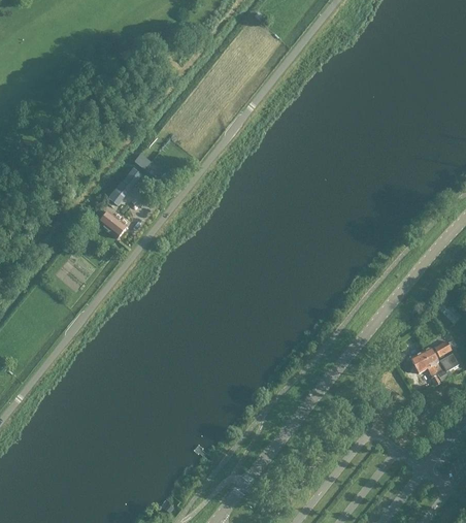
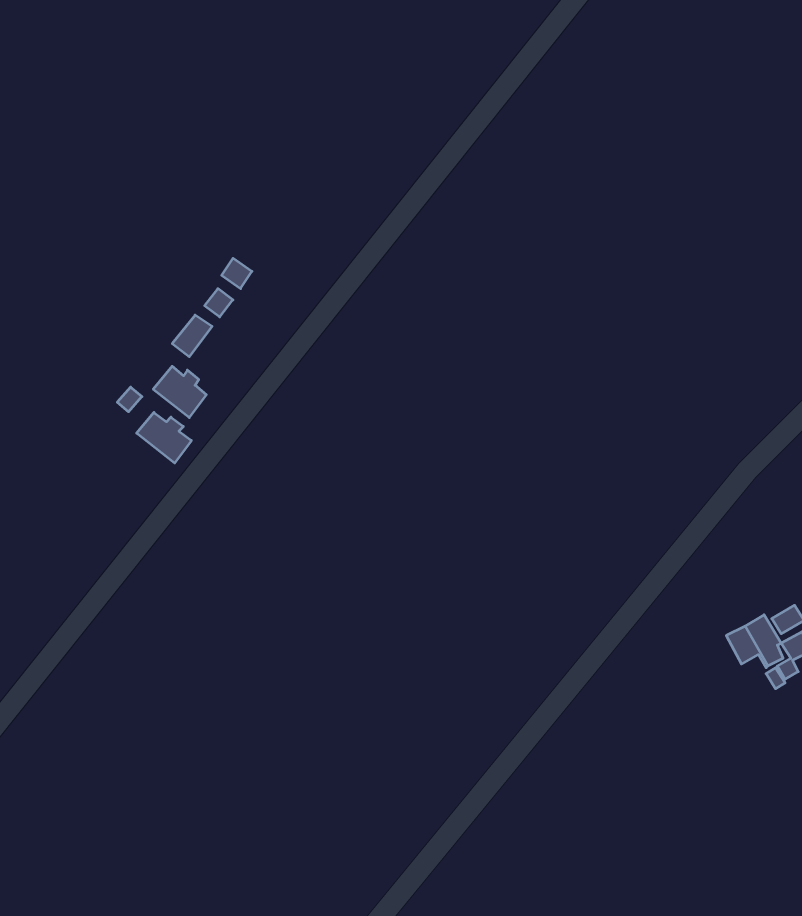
building: none -> [137,412,191,463]

